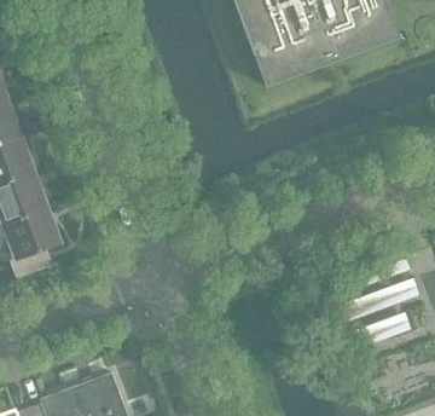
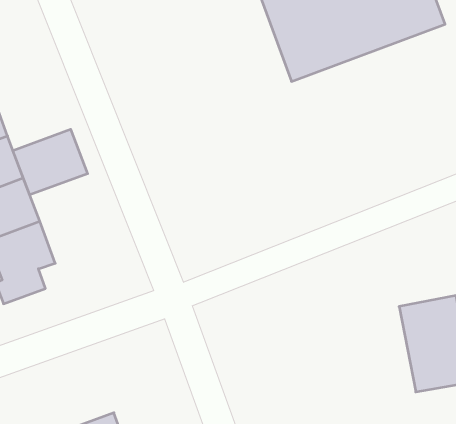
building: none -> [13,129,88,195]

